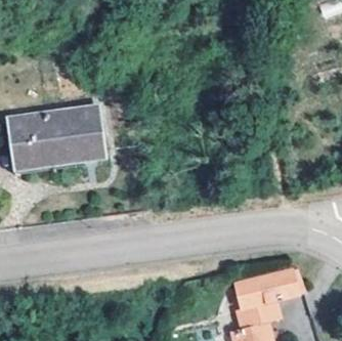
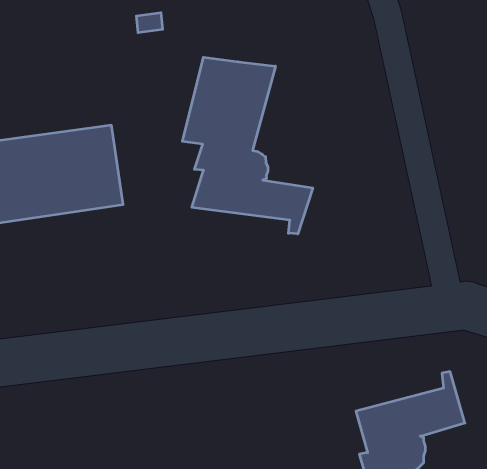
building: none -> [182,57,313,234]

